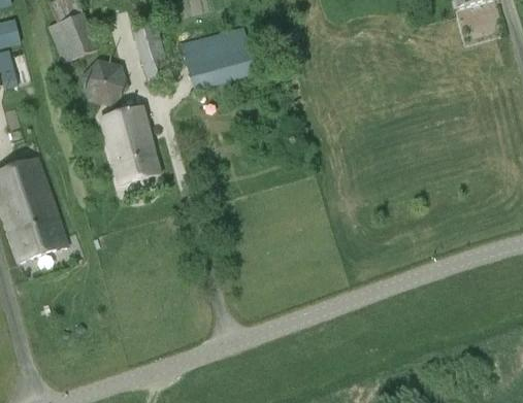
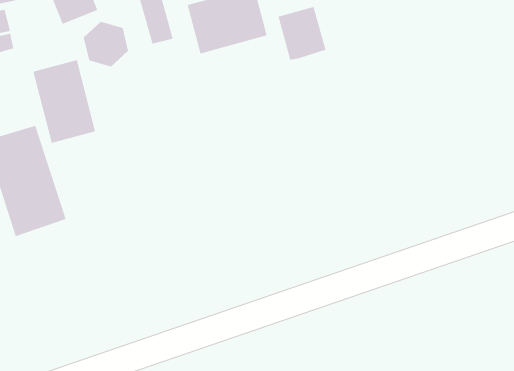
building: none -> [278,6,326,60]
building: [100,105,160,184] -> [33,59,96,144]

